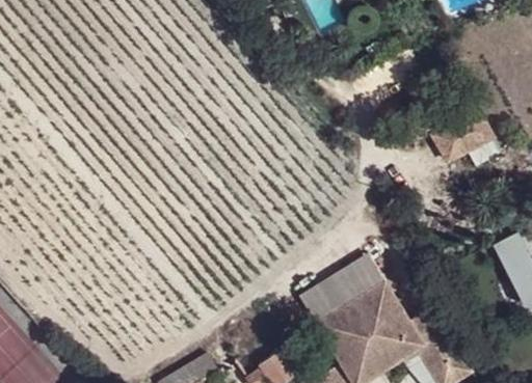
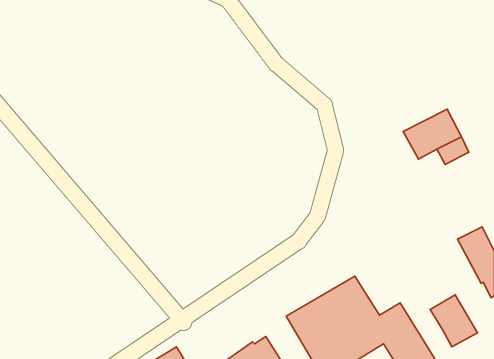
building: [300,254,385,322] -> none
building: none -> [430,295,477,347]

